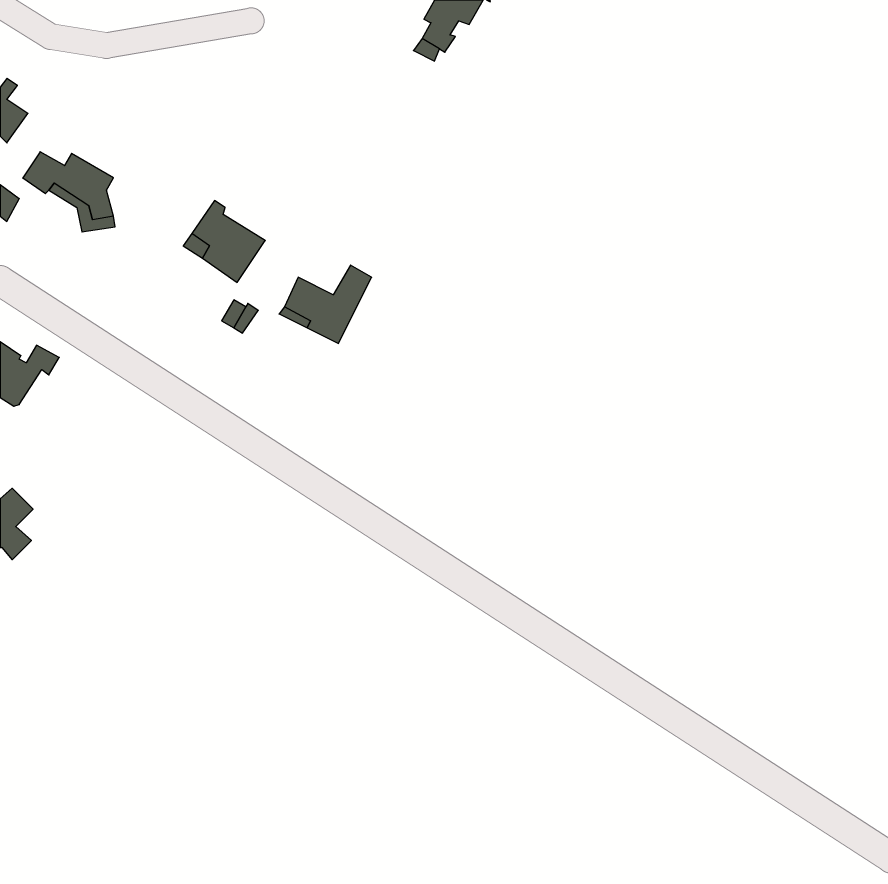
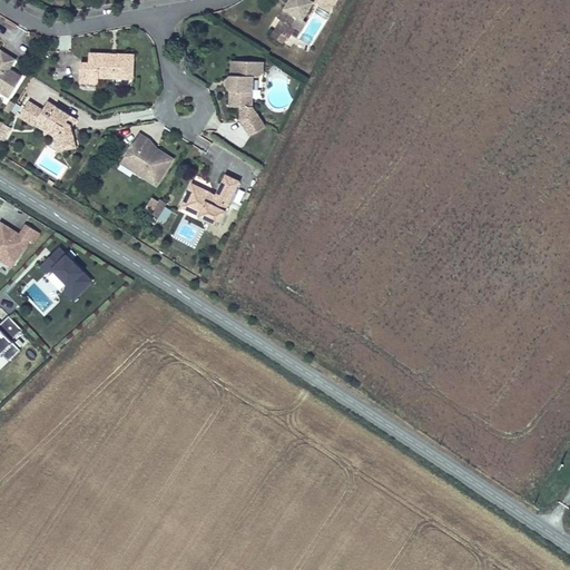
building: none -> [76,53,132,83]
building: none -> [226,61,263,136]
building: none -> [41,247,92,298]

